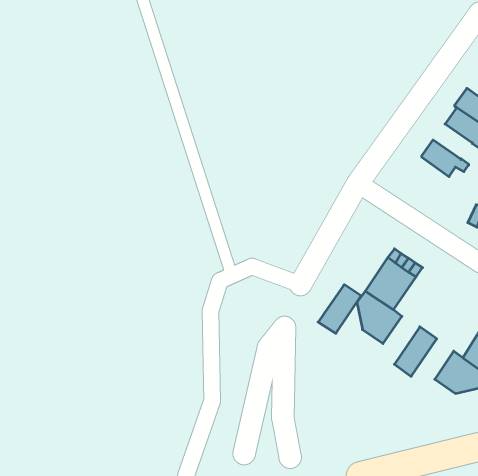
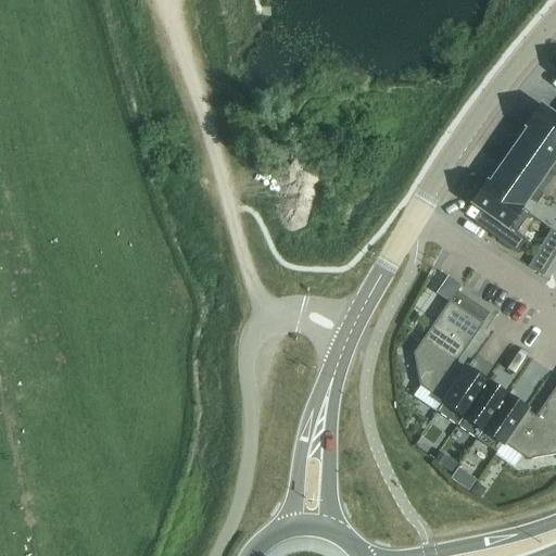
building: none -> [503,143,548,185]
building: none -> [473,179,531,249]
building: [318,285,361,333] -> [438,365,488,421]
building: none -> [478,392,528,448]

